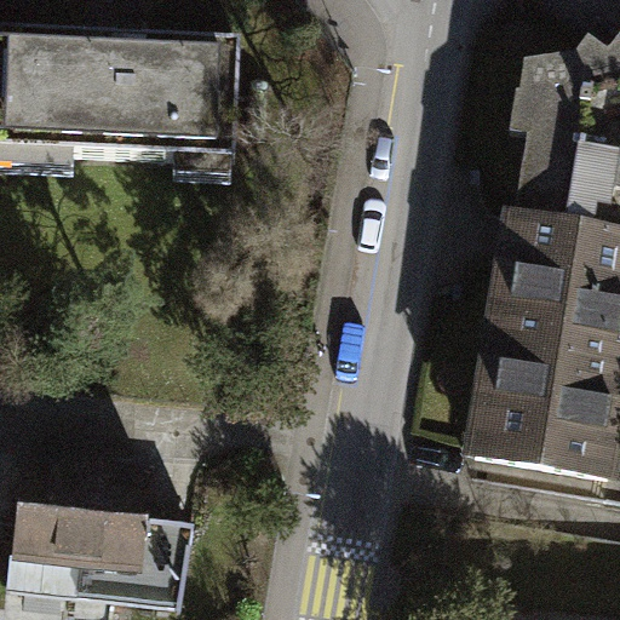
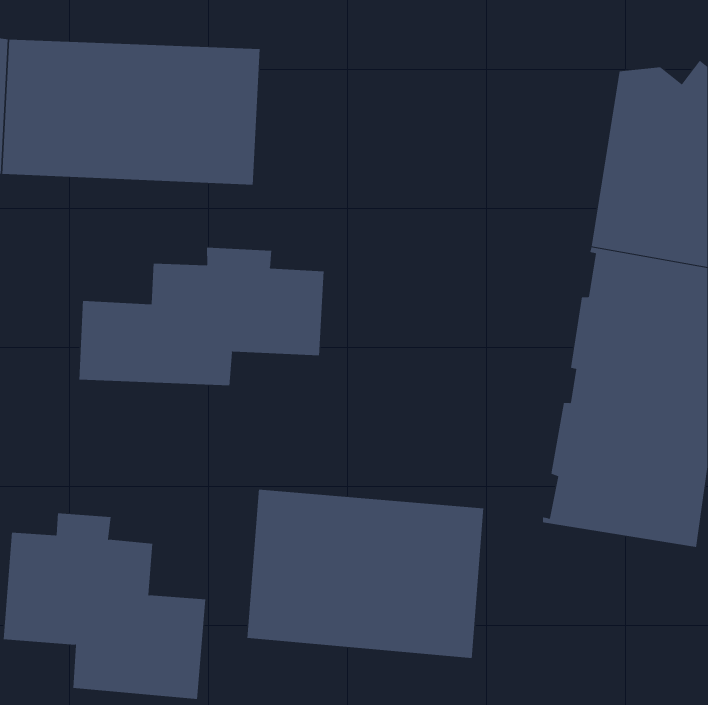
building: none -> [79,247,324,386]
building: none -> [247,489,484,659]

